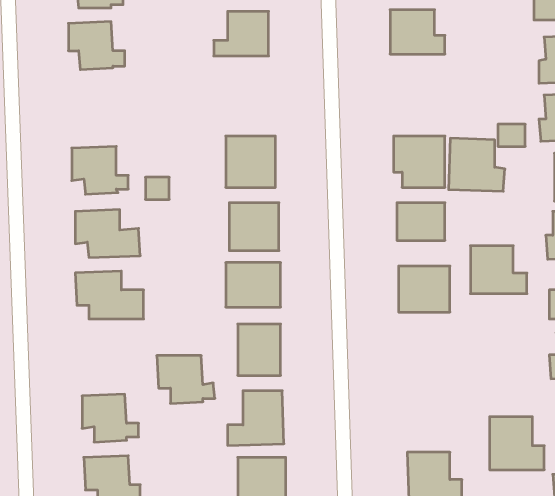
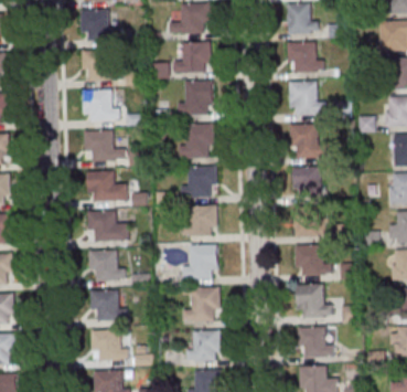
building: none -> [178,82,213,115]
building: none -> [82,91,119,121]
building: [449,138,505,191] -> [289,81,325,115]
building: [470,246,527,294] -> [296,245,332,276]
building: [157,356,215,403] -> [87,251,125,282]
building: [490,417,544,470] -> [297,285,332,319]

